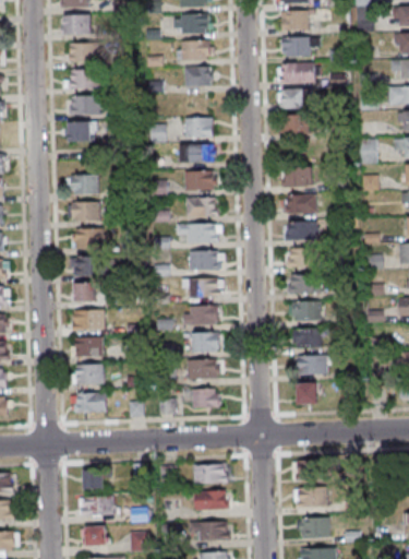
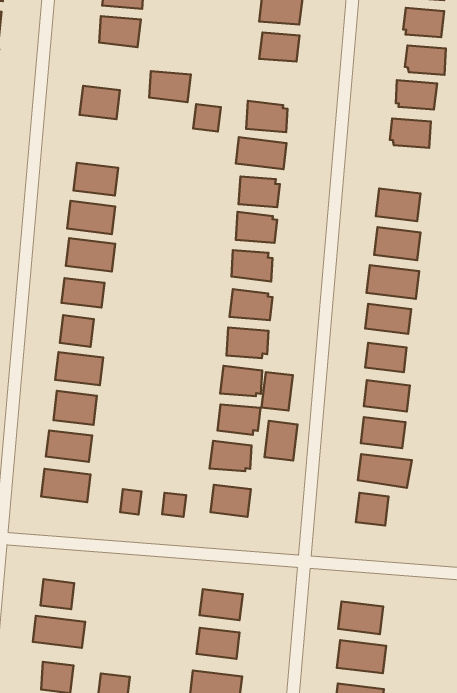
building: [74,96,103,116] -> [149,71,191,102]
building: none -> [262,372,293,411]
building: none -> [265,421,298,461]

